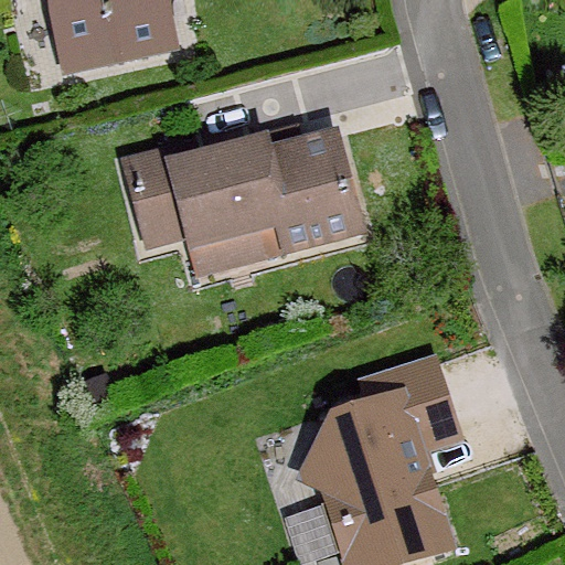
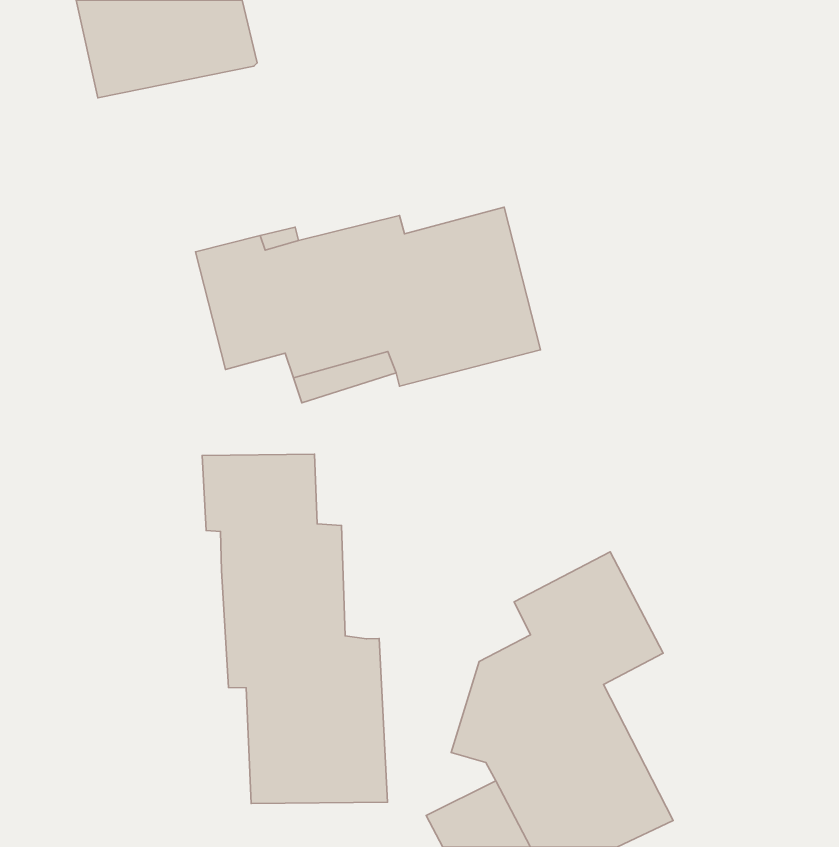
building: none -> [202,454,387,804]

